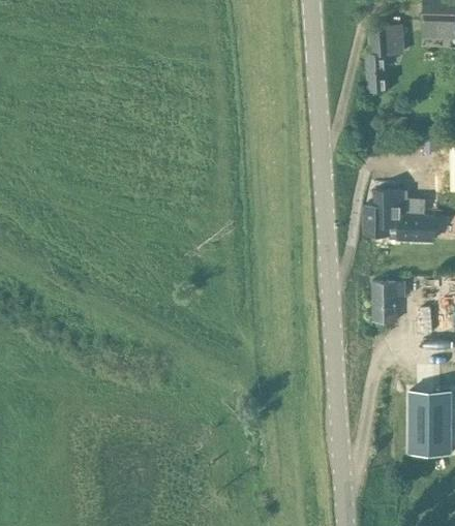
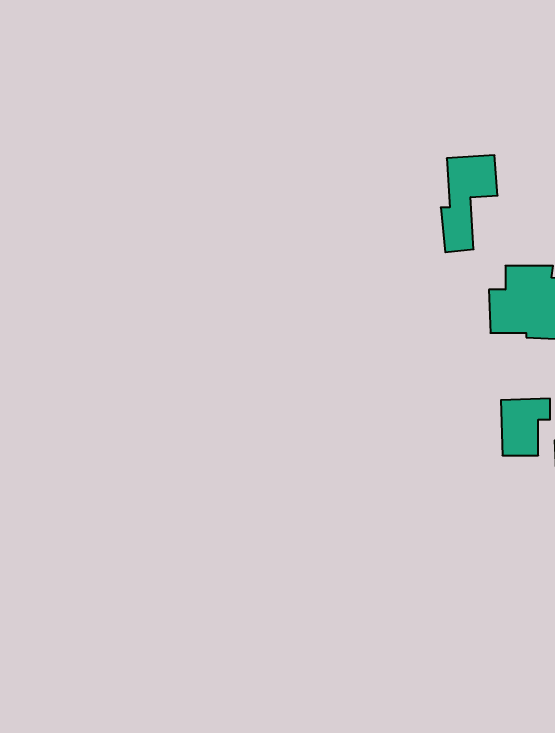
building: [365,26,404,93] -> [441,155,498,252]

